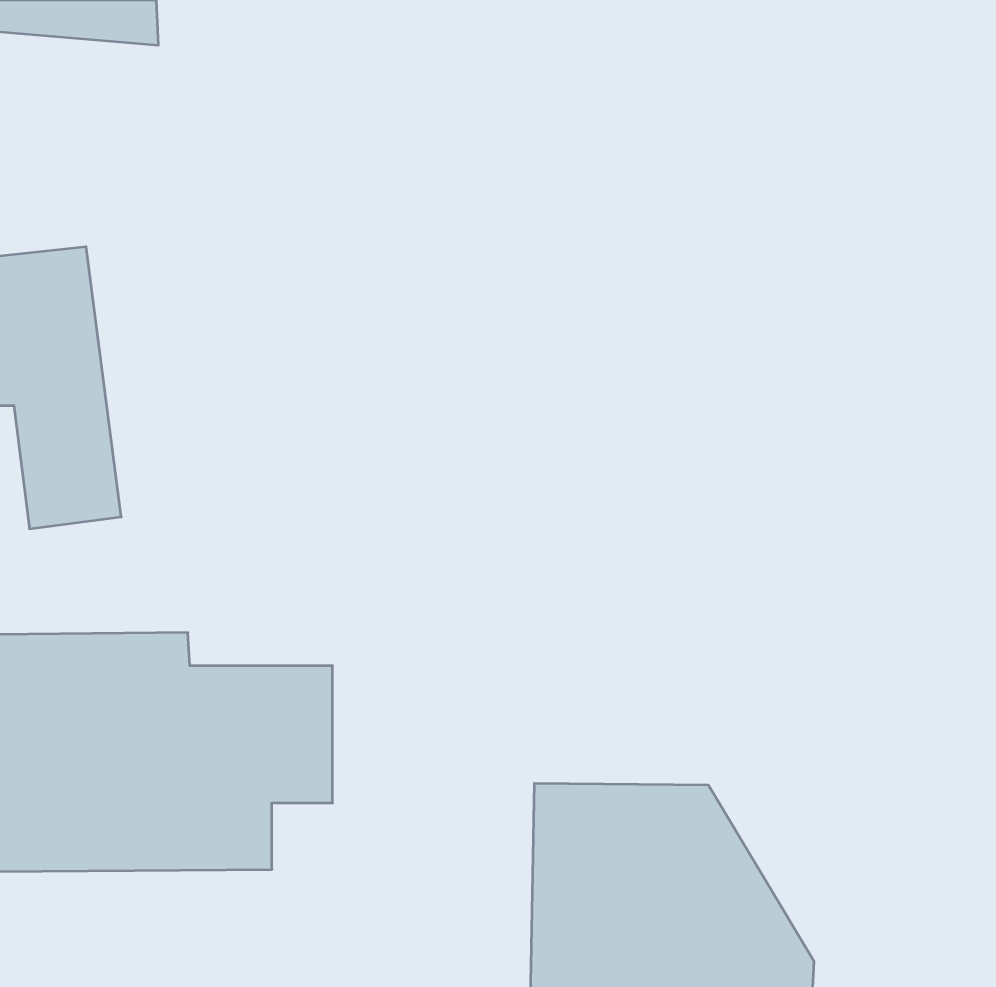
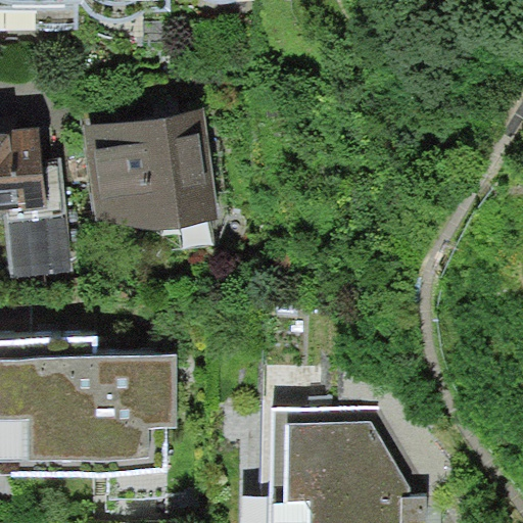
building: none -> [80,109,221,233]

